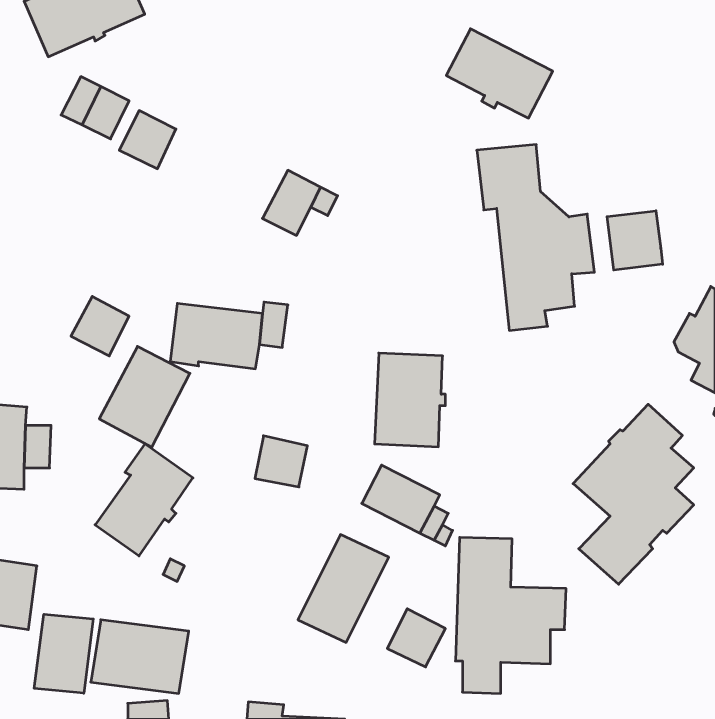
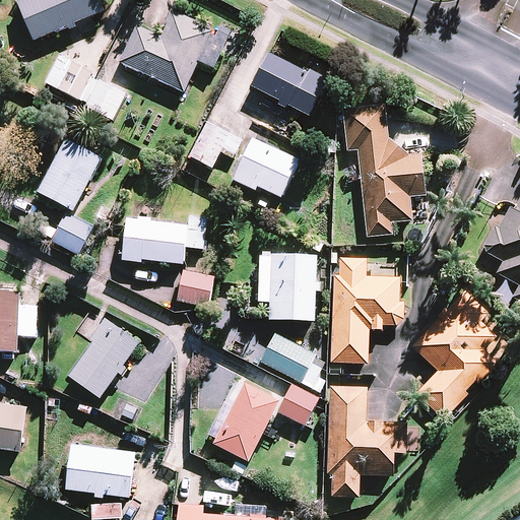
building: none -> [119,10,213,93]
building: [446,29,553,118] -> [251,52,327,116]
building: none -> [232,138,298,197]
building: [607,211,663,270] -> none
building: [99,346,190,447] -> [37,139,102,211]
building: none -> [330,257,404,363]
building: [255,436,307,487] -> [177,270,214,307]
building: [387,609,445,667] -> [276,383,318,425]
building: [34,614,93,693] -> none

